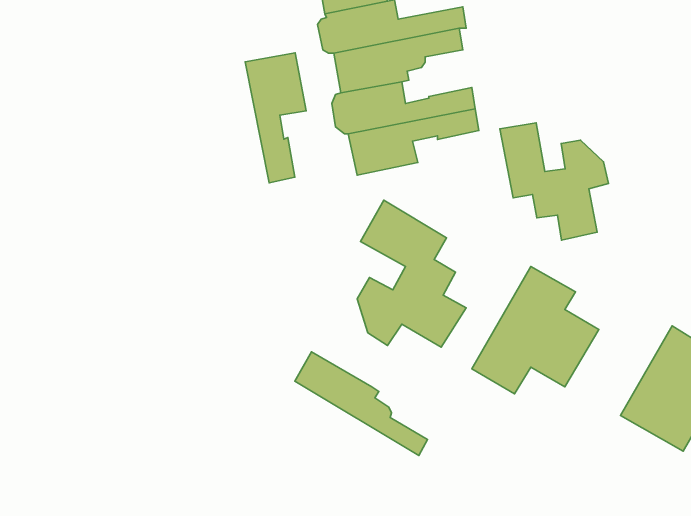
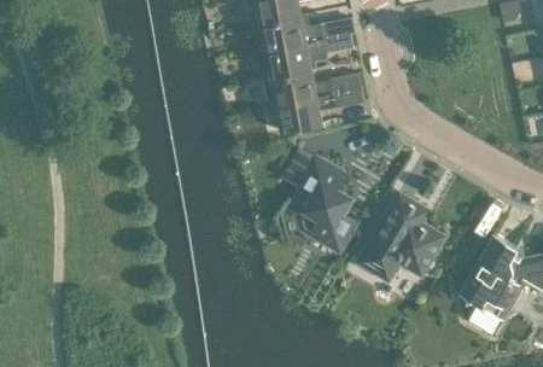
building: [245,53,306,183] -> none
building: [500,123,608,240] -> none
building: [295,352,427,455] -> none

